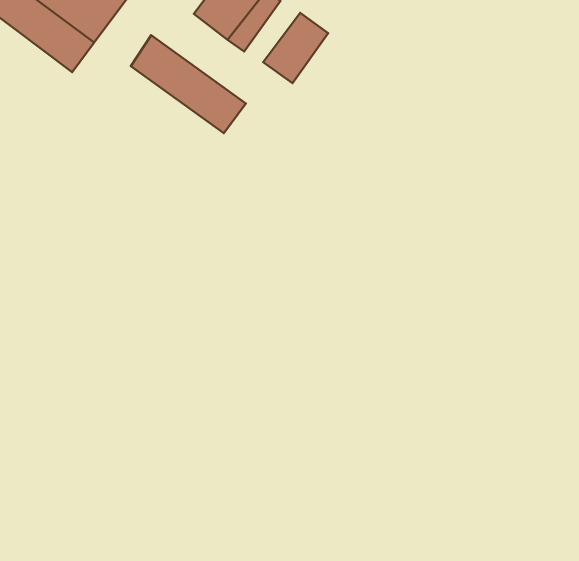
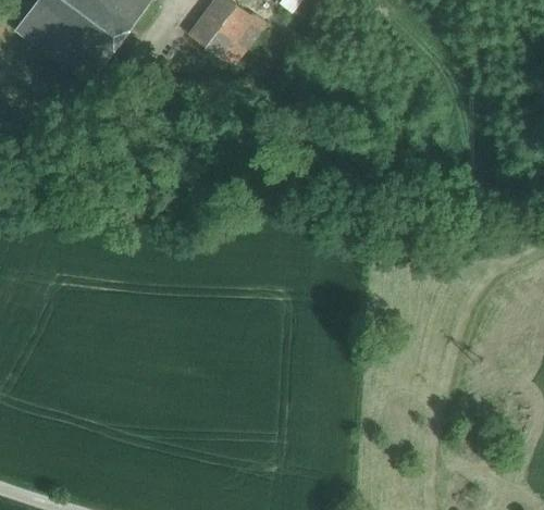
building: [263,13,328,83] -> none
building: [131,35,246,133] -> none

